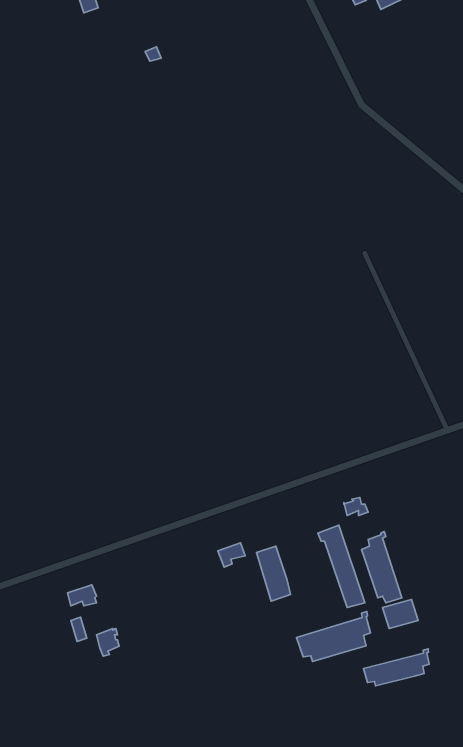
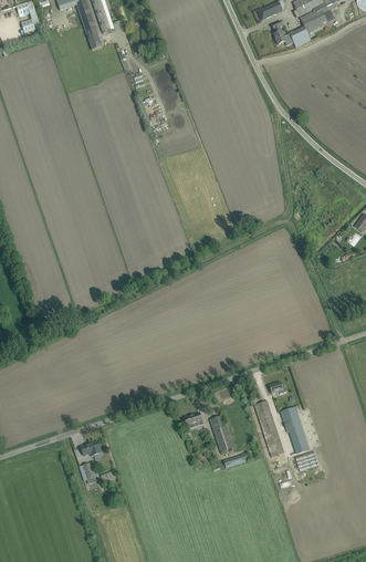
building: [297,611,370,662] -> none
building: [364,649,429,686] -> none

